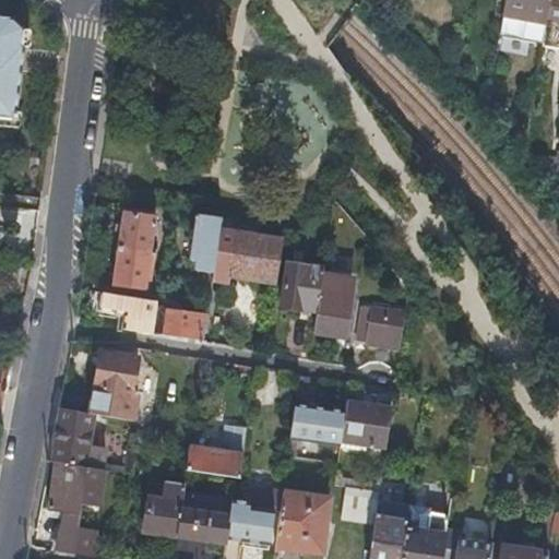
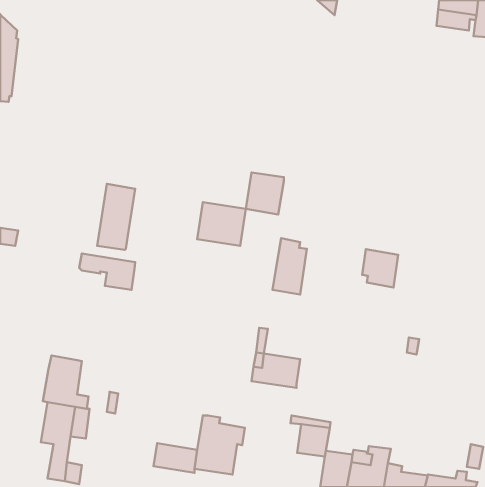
building: [194,214,223,261] -> none
building: [281,263,324,311] -> [246,172,284,214]
building: [362,304,404,347] -> [362,249,398,287]
building: [153,308,209,341] -> none
building: [91,352,139,420] -> none
building: [342,400,393,447] -> none
building: [188,423,247,476] -> none
building: [144,481,186,534] -> none
building: [275,490,331,551] -> none

